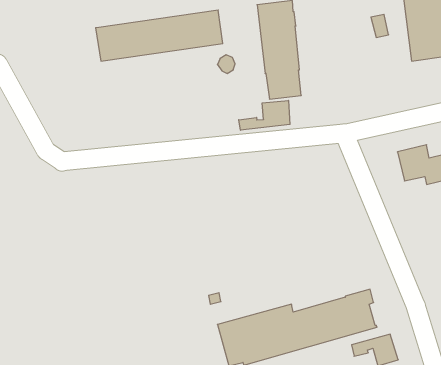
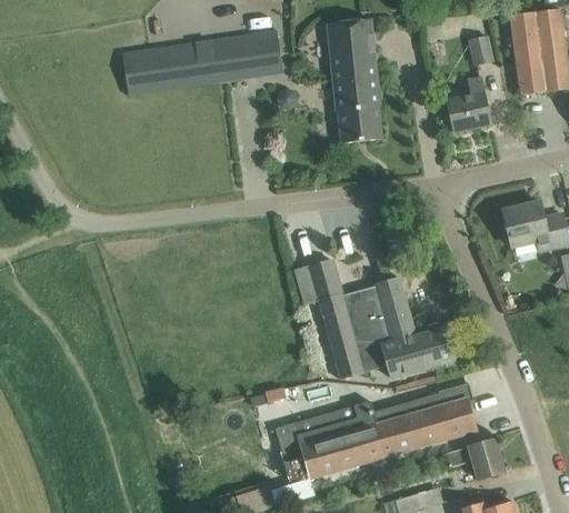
building: none -> [446,79,491,132]
building: [239,100,290,130] -> none
building: none -> [309,261,455,381]

